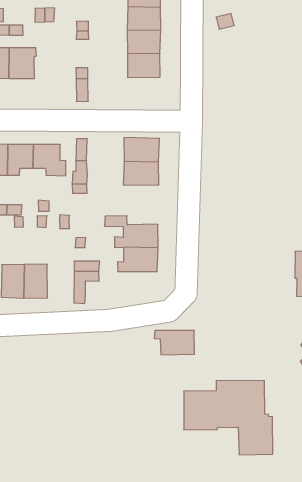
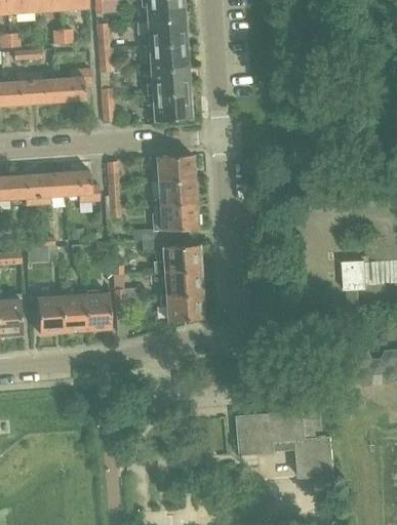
building: none -> [55,69,90,103]
building: none -> [154,91,190,119]
building: none -> [132,203,197,240]
building: none -> [85,293,112,329]
building: [154,331,194,355] -> [159,293,202,321]

